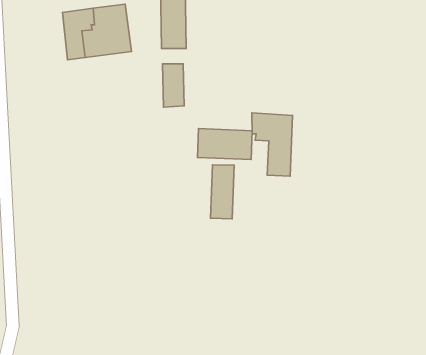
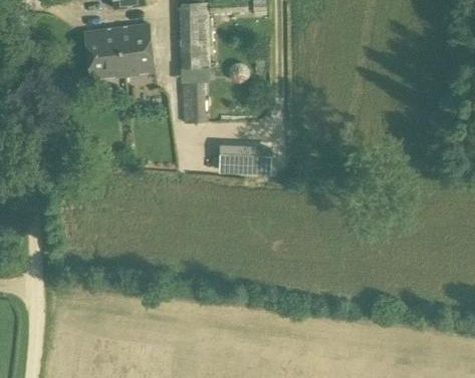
building: [252,113,292,176] -> none
building: [210,165,234,219] -> none

